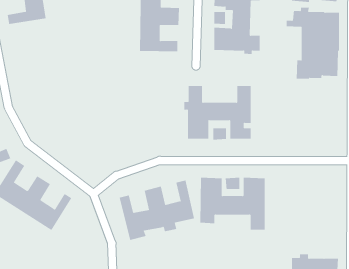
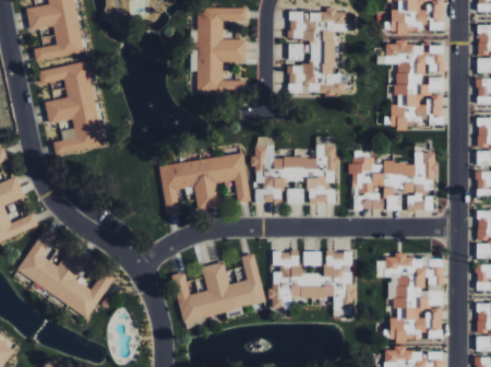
building: none -> [37,62,103,154]
building: none -> [351,152,436,212]
building: none -> [159,154,250,215]
building: none -> [376,254,443,342]

